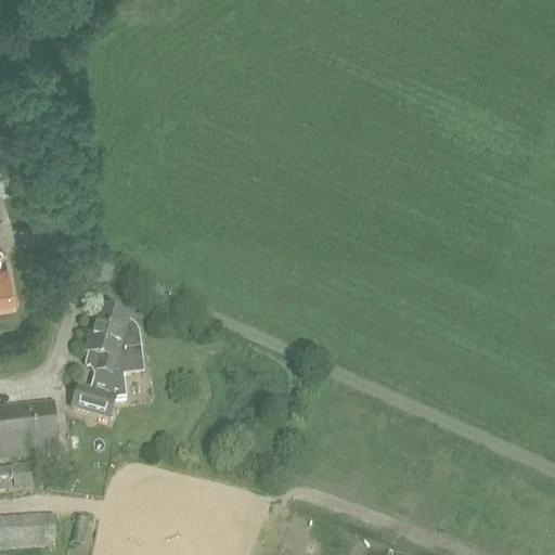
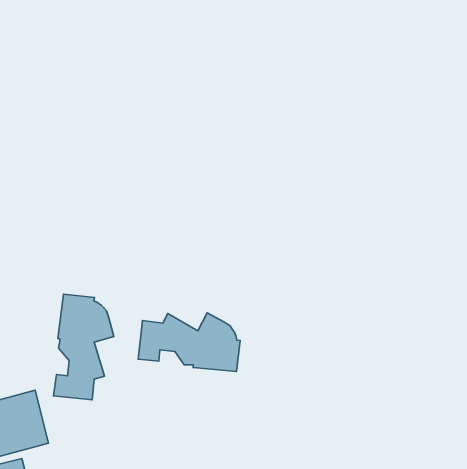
building: none -> [138,313,240,372]

